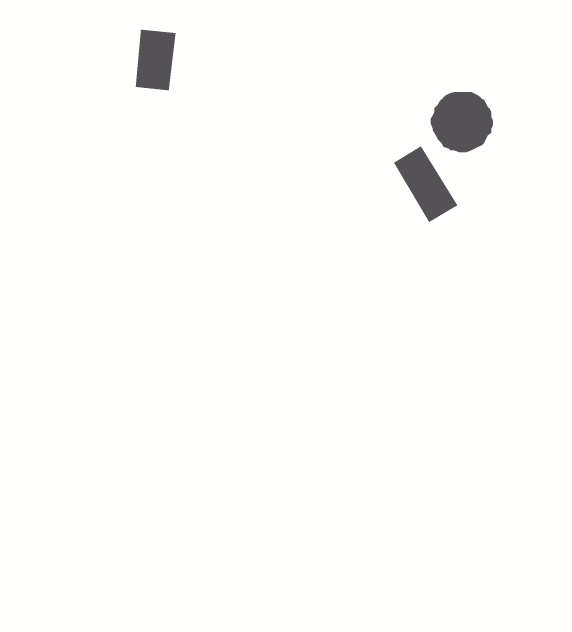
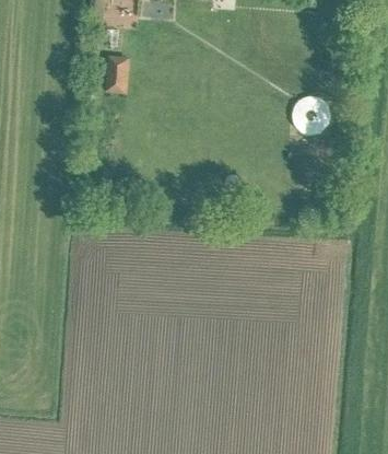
building: [393,145,459,223] -> none

